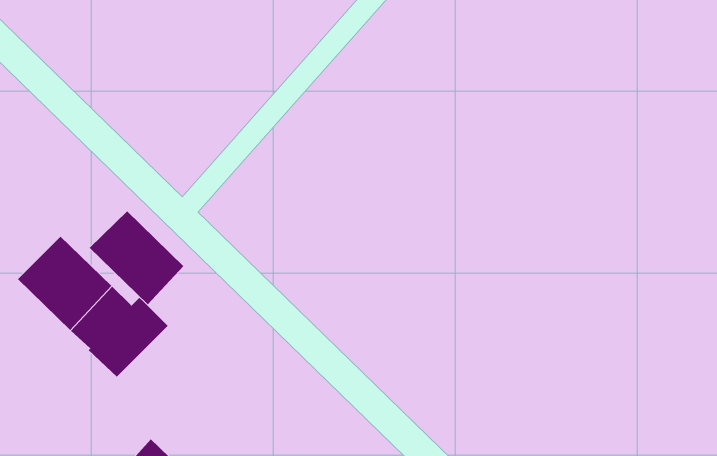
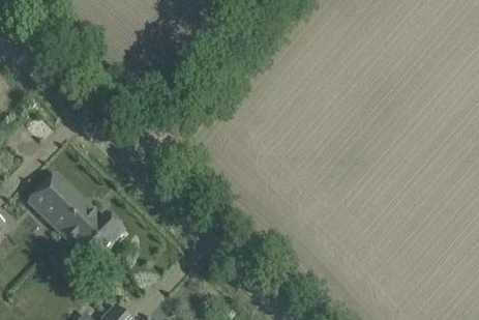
building: [89,211,184,305] -> none

